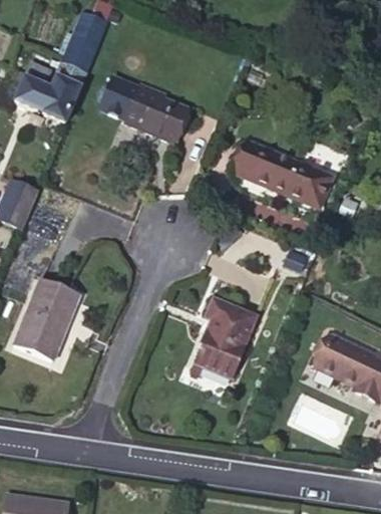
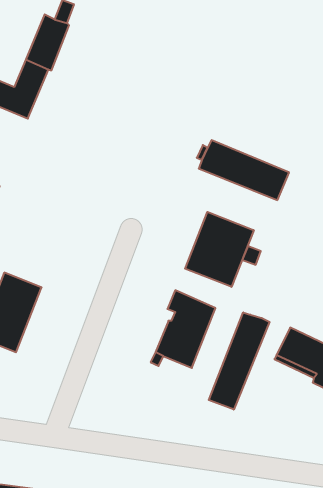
building: [97,76,184,142] -> none
building: none -> [185,212,254,287]
building: none -> [209,312,270,410]

